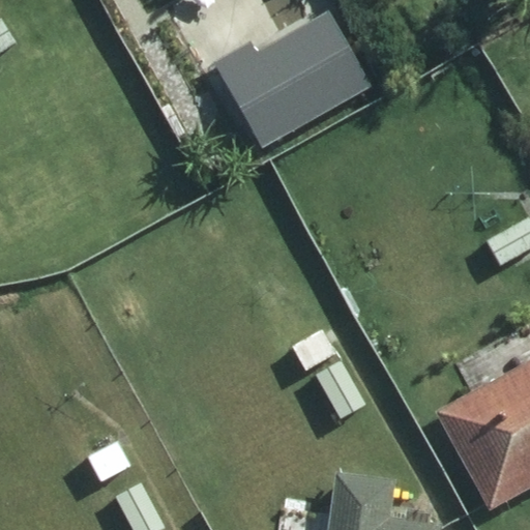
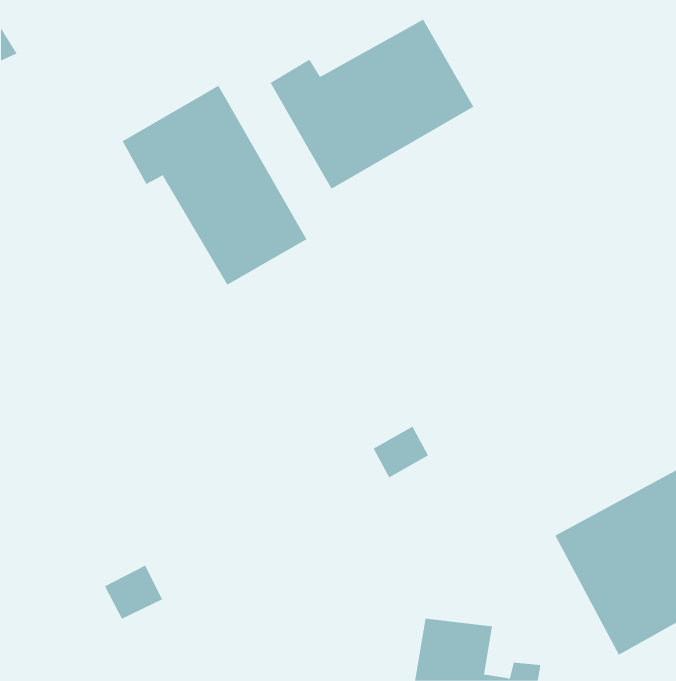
building: none -> [122,85,307,286]

